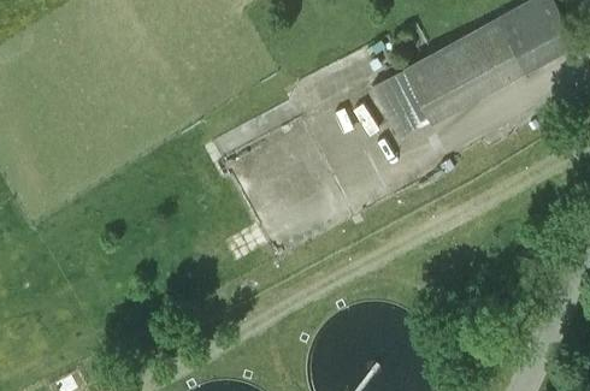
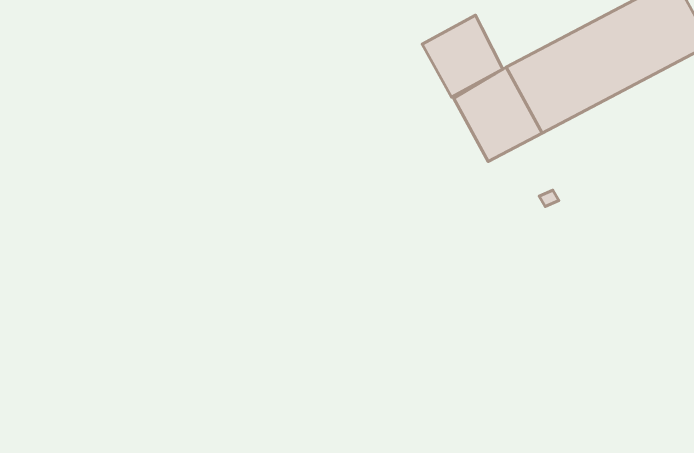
building: none -> [422,15,503,97]

